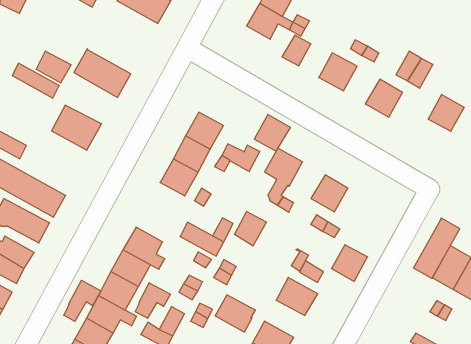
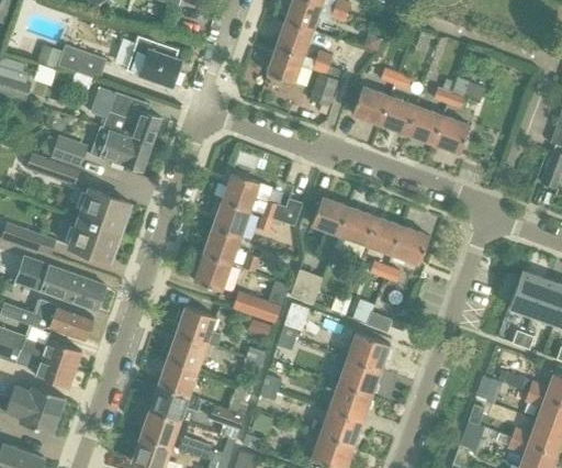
building: none -> [103,92,161,145]
building: none -> [381,97,417,135]
building: [428,94,464,131] -> [434,116,470,154]
building: [254,114,290,151] -> [340,208,376,245]
building: none -> [69,220,120,261]
building: none -> [194,255,232,291]
building: [413,218,460,279] -> none
building: [331,245,368,282] -> [393,227,429,265]
building: [64,280,101,321] -> none
building: [135,283,170,318] -> none
building: [215,295,255,332] -> [338,359,380,395]

